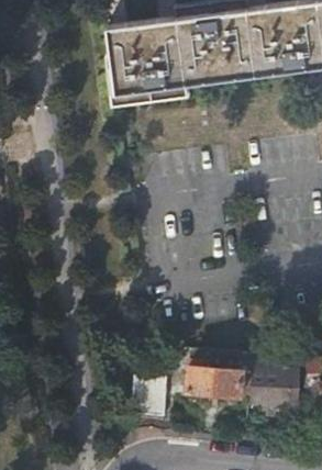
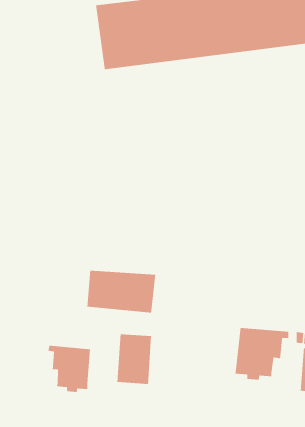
building: [182,355,254,400] -> [86,270,156,314]
building: none -> [48,345,91,393]

